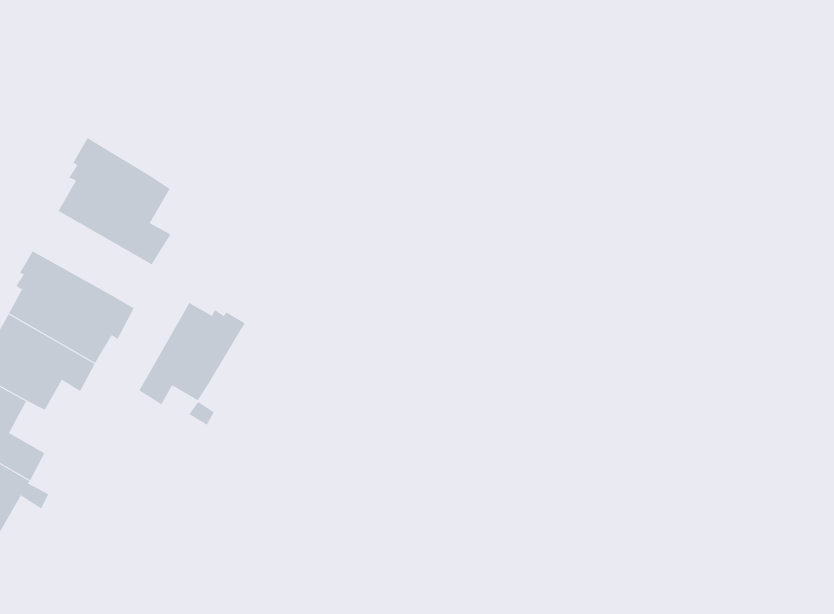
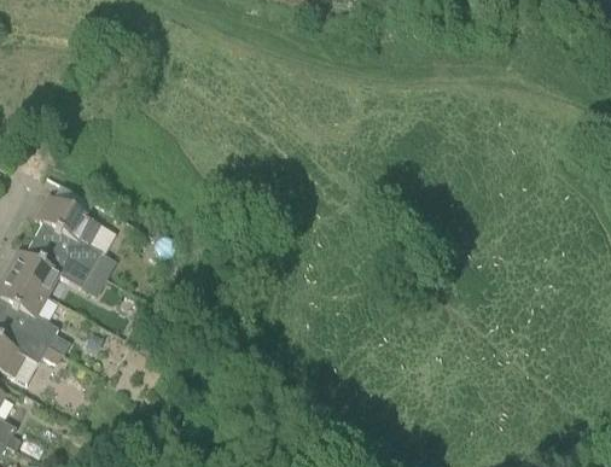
building: [58,137,171,265] -> none
building: [138,302,246,405] -> none

